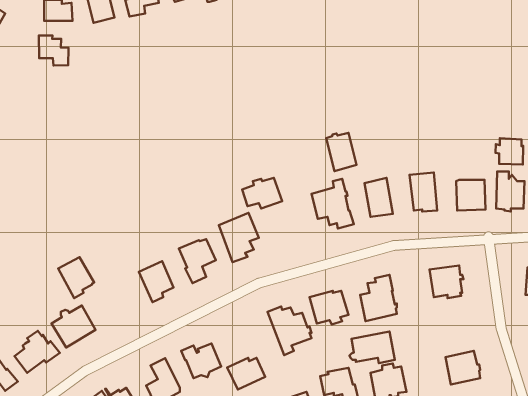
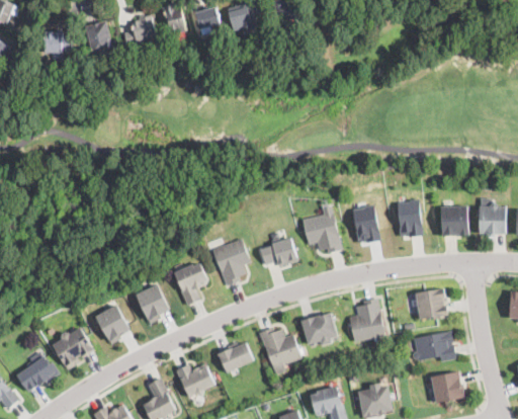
building: [39,36,69,66] -> none
building: [326,133,356,171] -> none
building: [495,138,523,165] -> none
building: [242,178,282,208] -> [260,238,298,267]
building: [58,257,94,298] -> [96,305,131,344]
building: [349,331,395,363] -> [411,331,454,361]
building: [227,358,265,390] -> [217,342,253,372]

